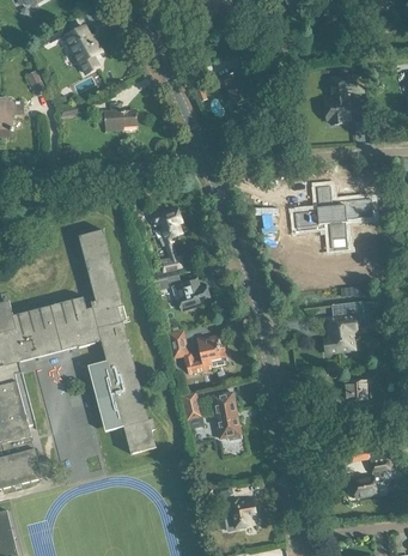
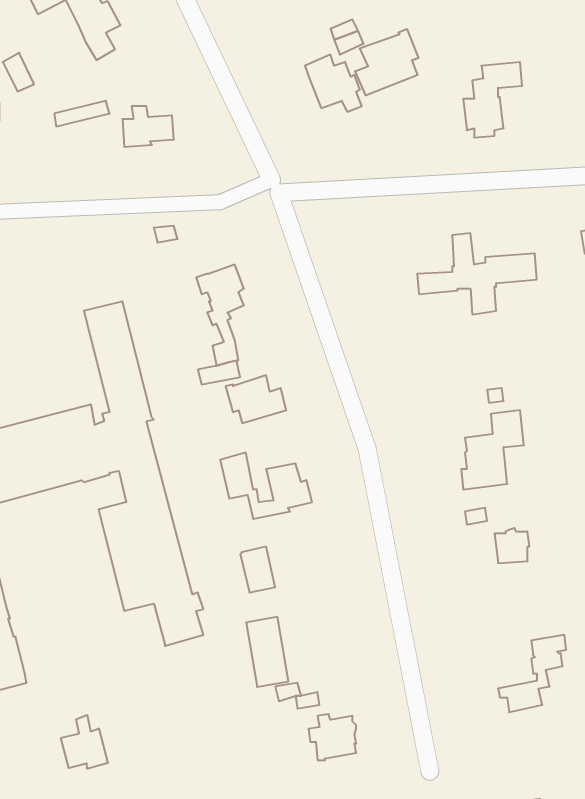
building: none -> [355,29,418,95]
building: [212,392,239,437] -> [246,617,288,687]
building: none -> [61,715,108,769]

